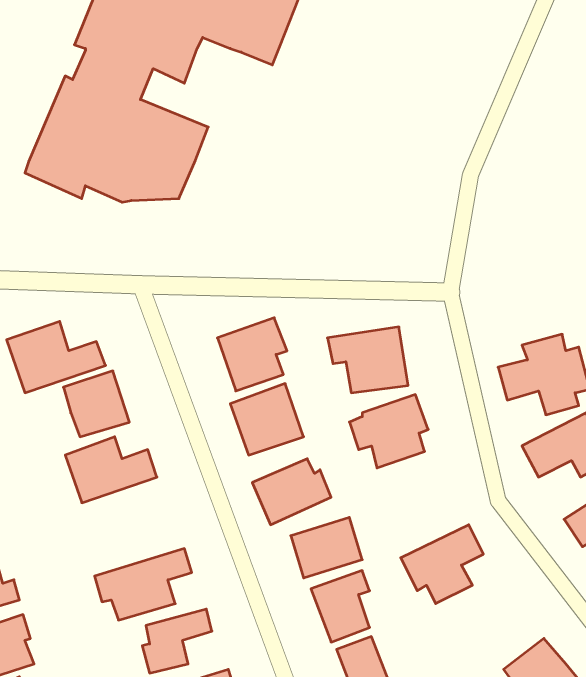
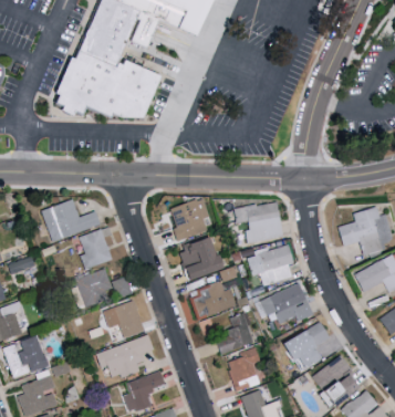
building: none -> [257,282,313,324]
building: none -> [103,300,145,341]
building: none -> [310,354,354,404]

